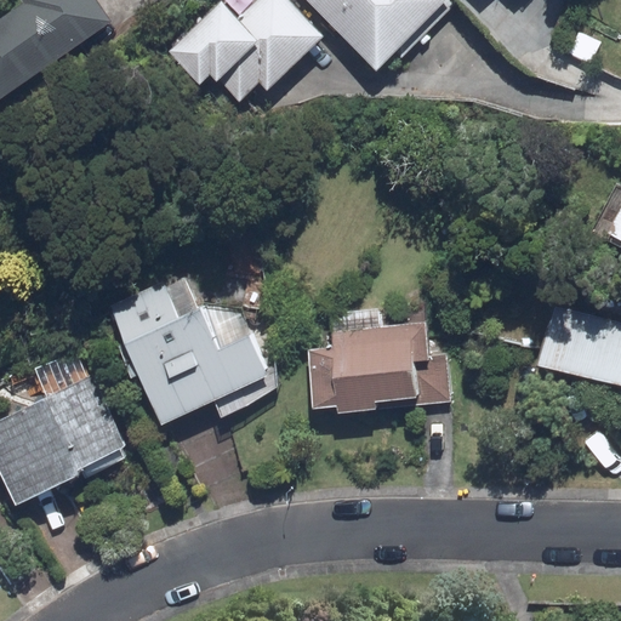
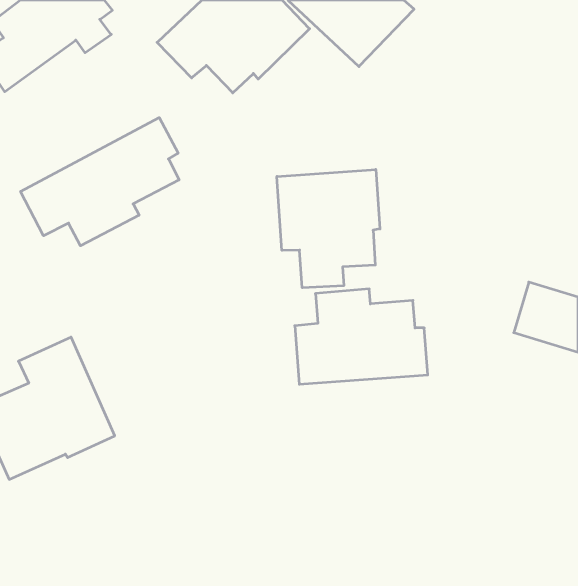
building: none -> [21,118,179,246]
building: none -> [277,169,380,288]
building: [99,273,272,427] -> none

